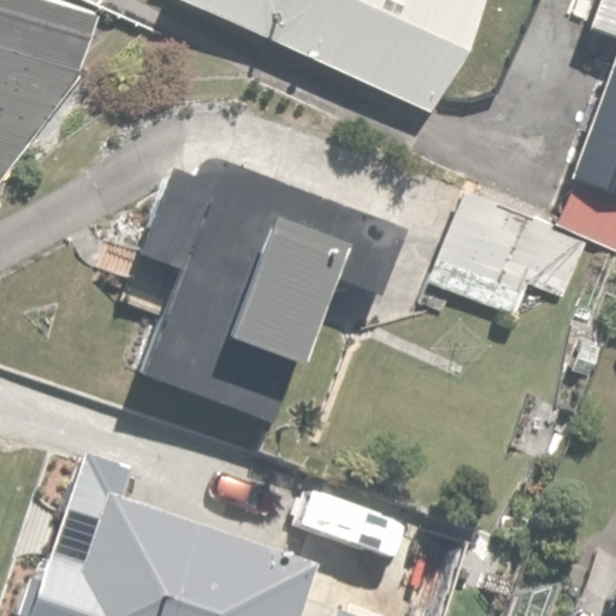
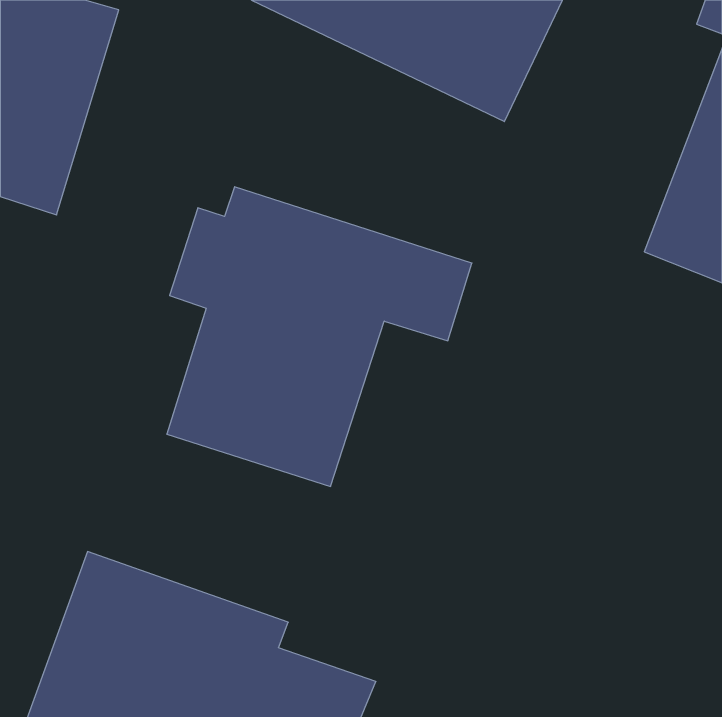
building: [425,190,585,312] -> none

